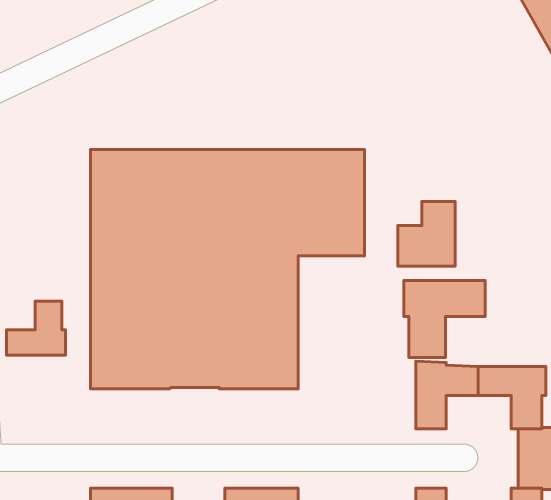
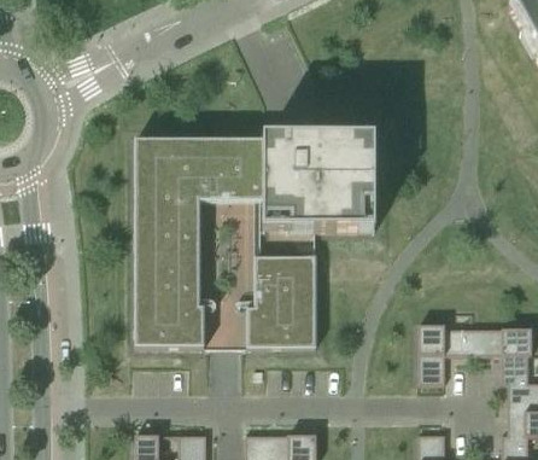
building: [398,201,455,266] -> none
building: [404,280,485,358] -> none
building: [6,301,65,355] -> none

